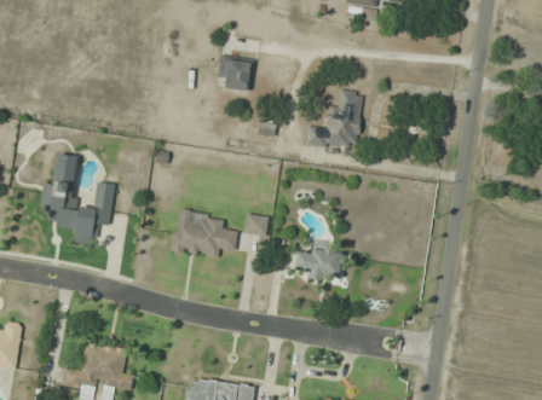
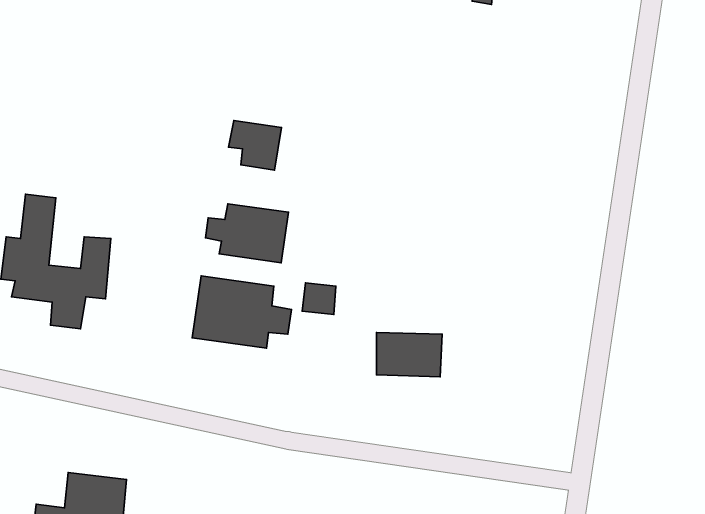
building: [217,57,253,91] -> [228,120,282,170]
building: [305,91,362,147] -> none
building: none -> [205,204,289,263]

